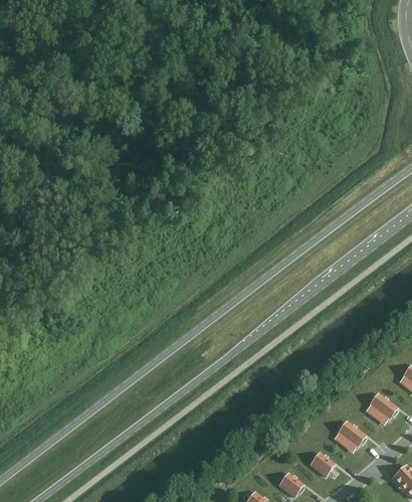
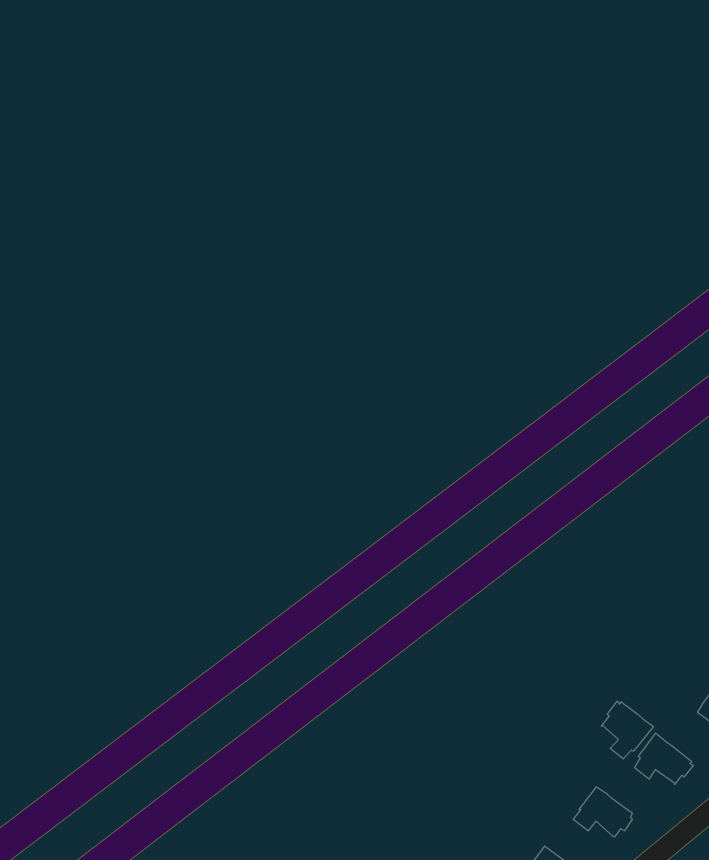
building: none -> [601,701,653,759]

